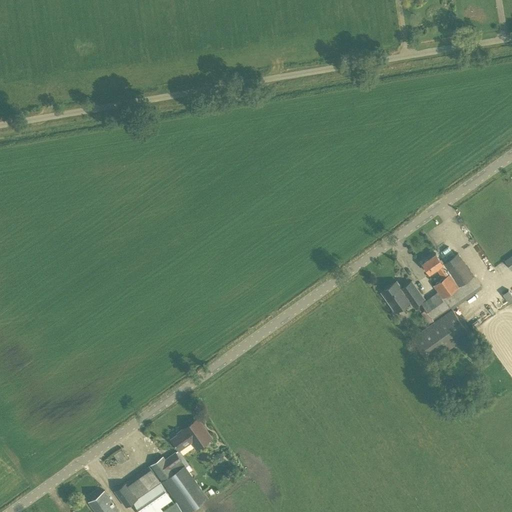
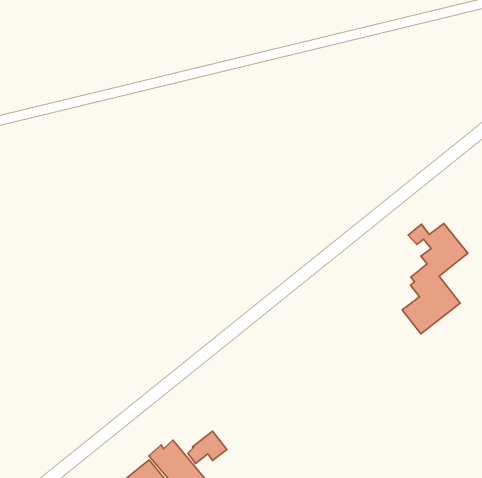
building: [380,282,423,312] -> none
building: [171,420,210,451] -> [188,431,227,464]

